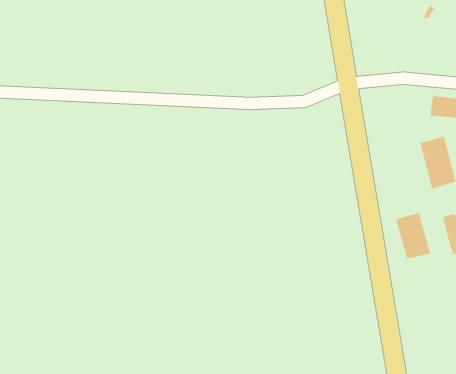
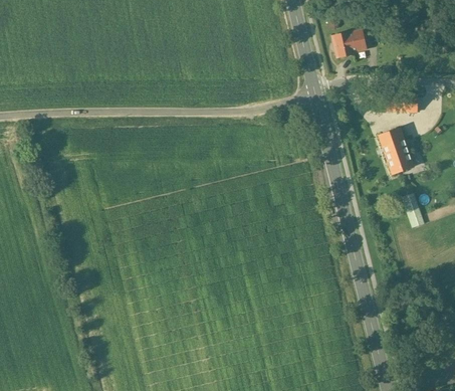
building: none -> [332,30,365,57]
building: [396,212,431,259] -> none

